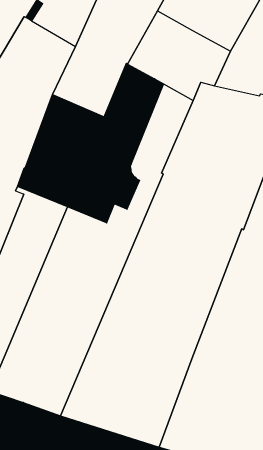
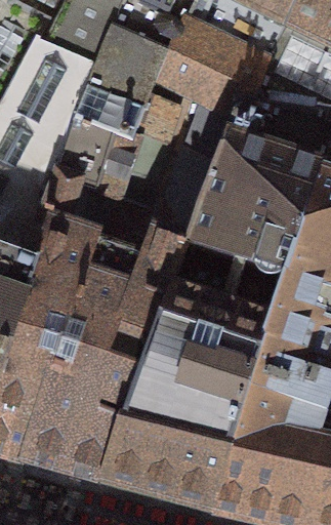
building: none -> [42,88,187,250]

